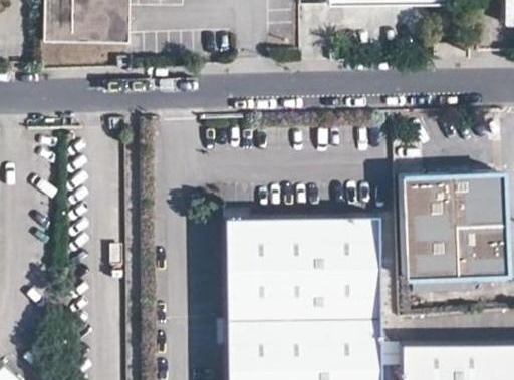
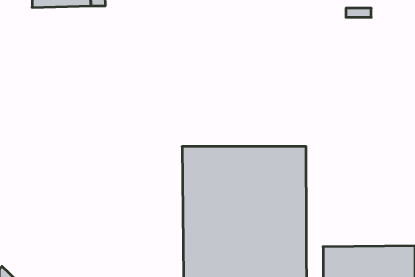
building: [403,173,507,300] -> none

